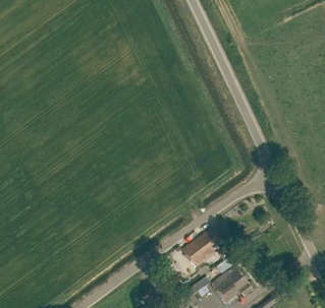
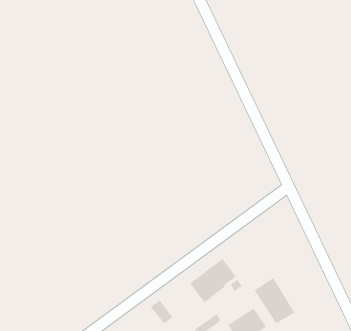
building: none -> [254,277,295,324]

